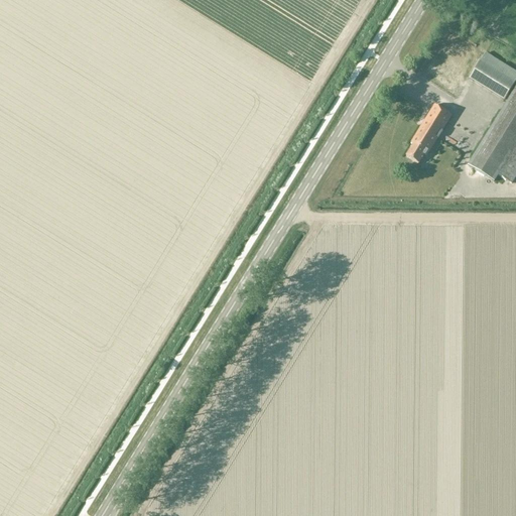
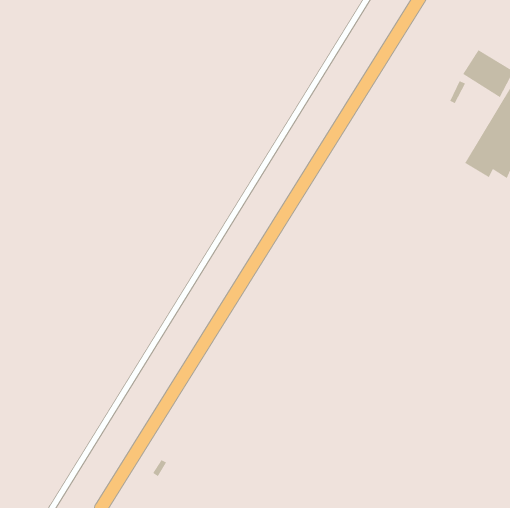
building: [406,103,452,162] -> none

